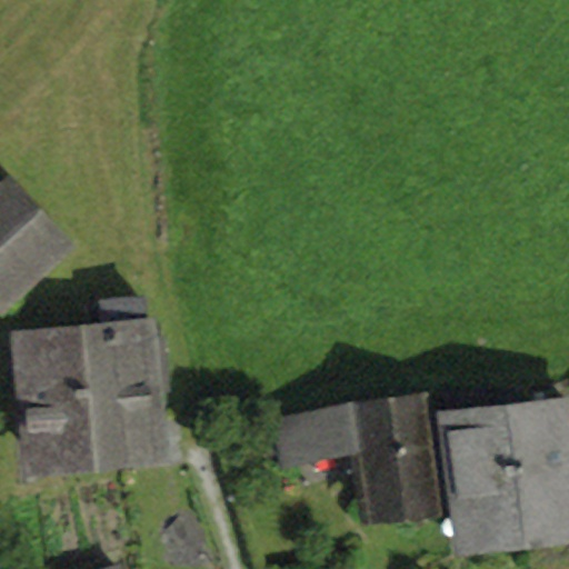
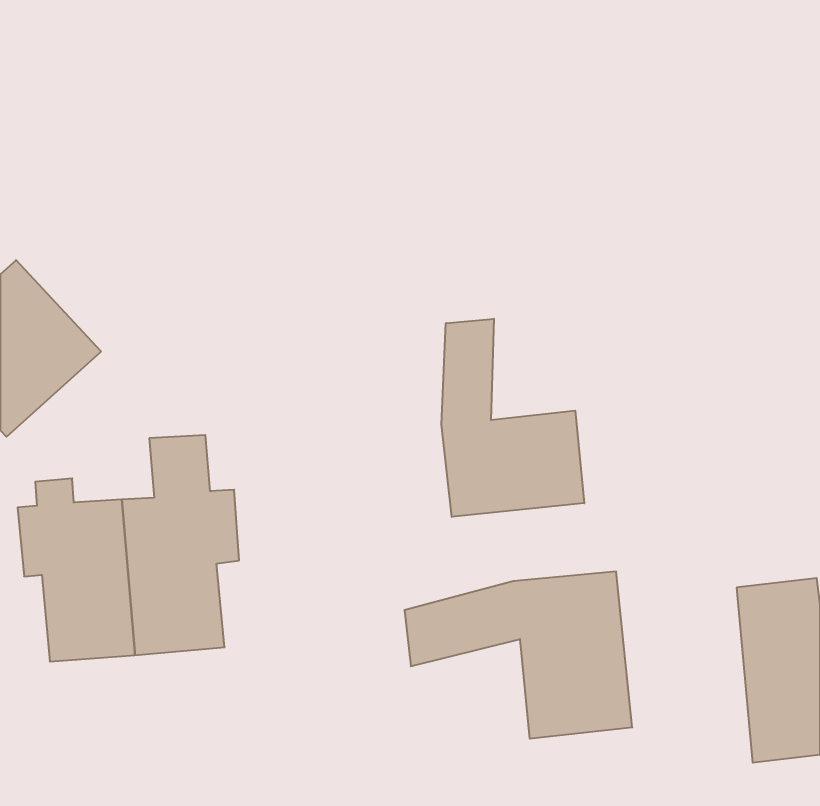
building: none -> [441,319,584,517]
building: [439,399,521,545] -> none

